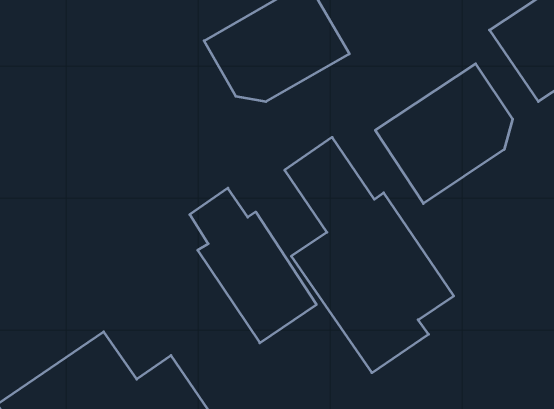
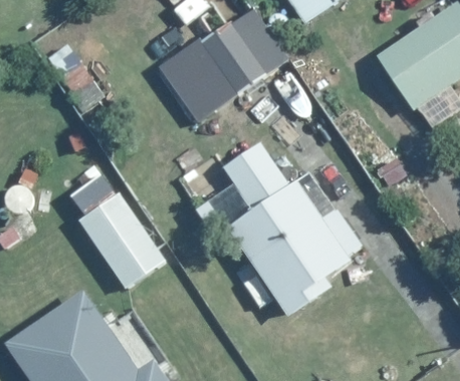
building: [375,64,513,204] -> none
building: [190,188,316,343] -> [69,171,166,289]

